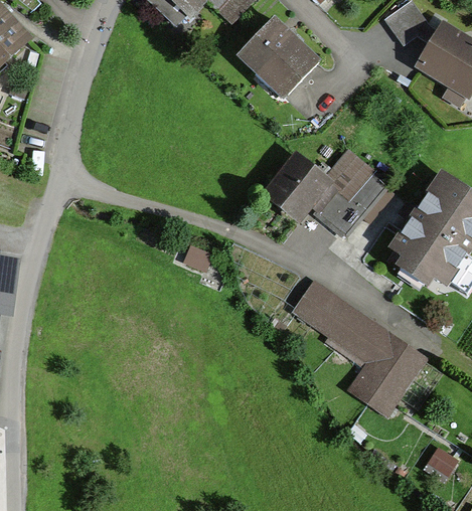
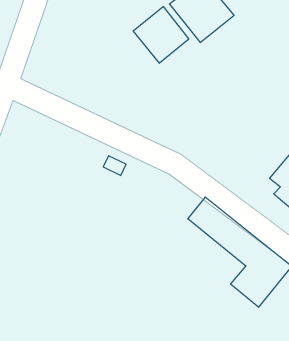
building: none -> [133,7,189,63]
building: [269,156,383,234] -> none

